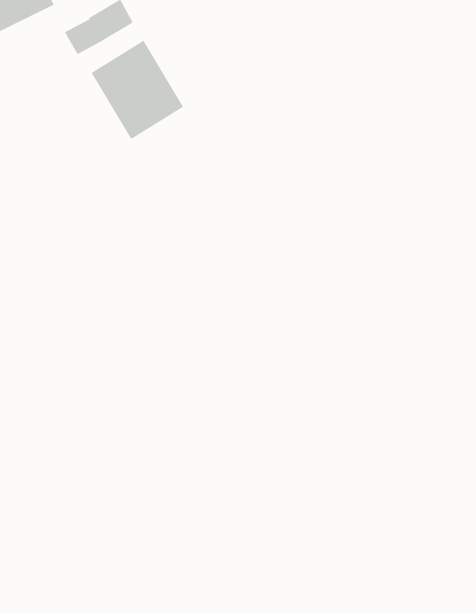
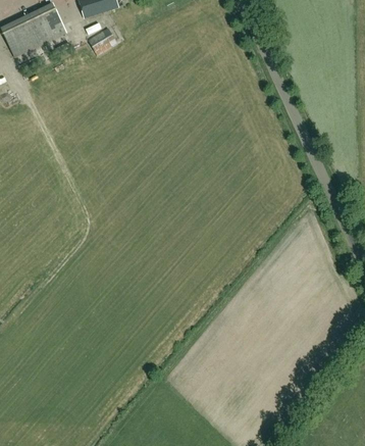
building: [91,40,184,140] -> none

